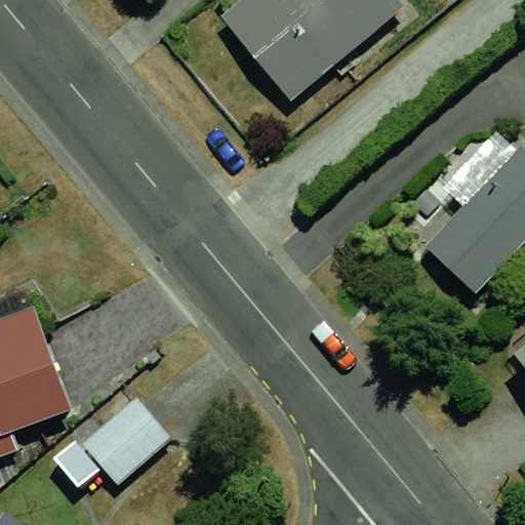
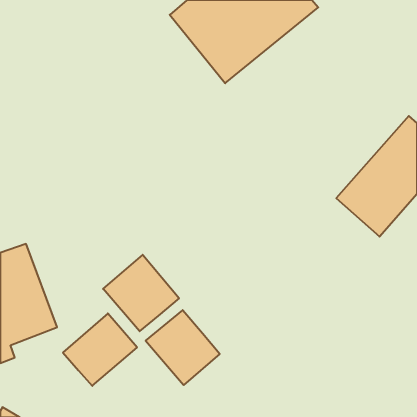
building: none -> [103,255,179,331]
building: none -> [146,310,220,385]

